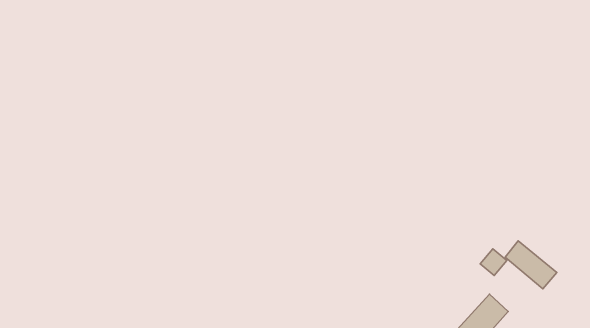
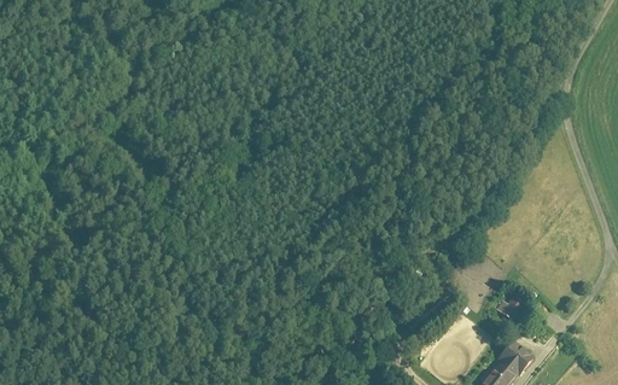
building: [505,241,557,289] -> none

